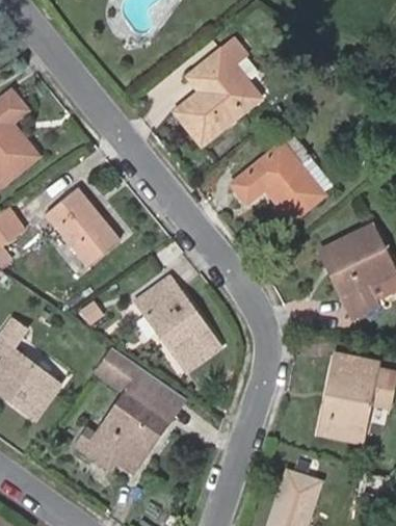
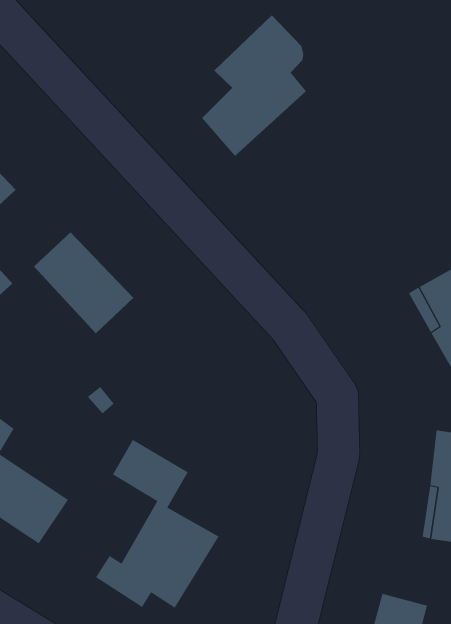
building: [234,137,332,218] -> none
building: [137,278,219,371] -> none
building: [133,372,185,421] -> none

